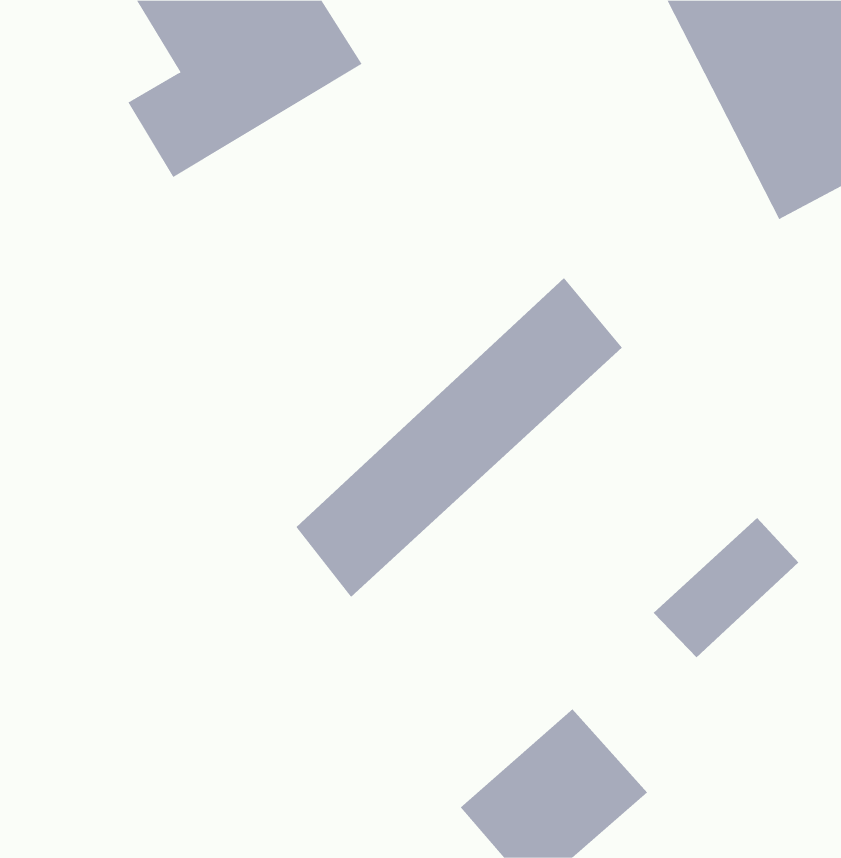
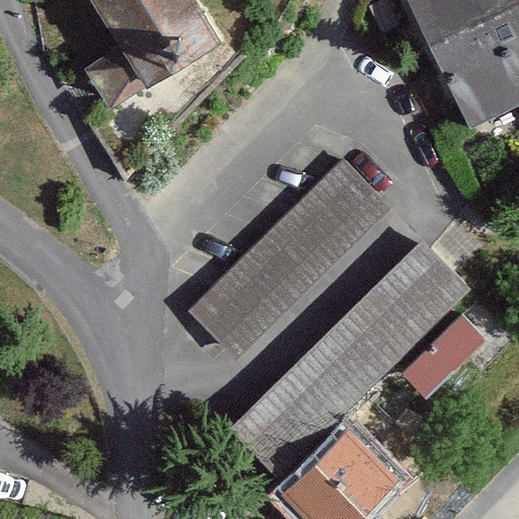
building: none -> [230,241,456,475]

